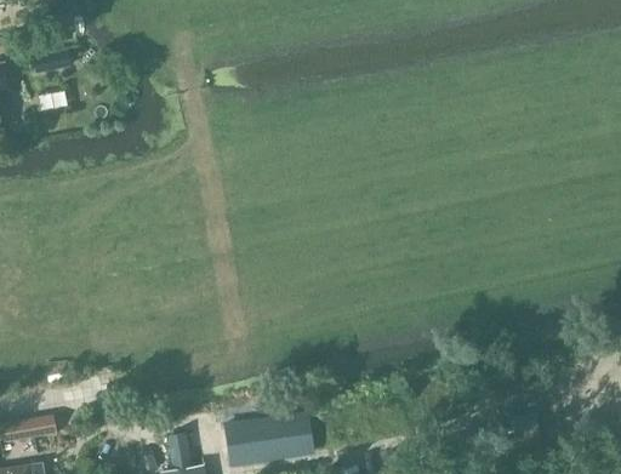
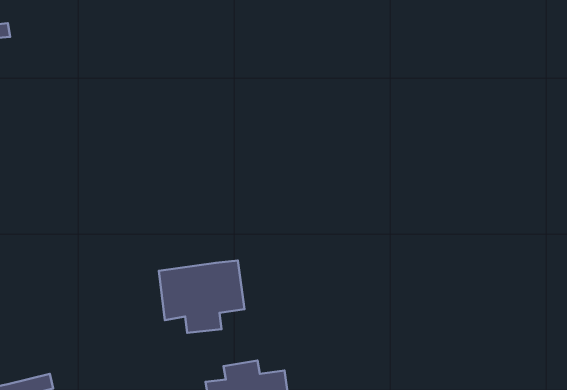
building: none -> [159,260,245,333]

